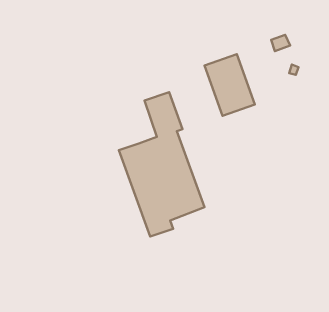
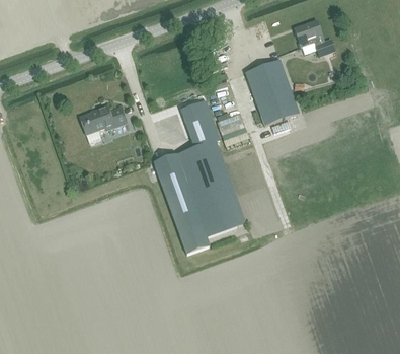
building: none -> [294,19,322,46]
building: none -> [80,103,126,141]

